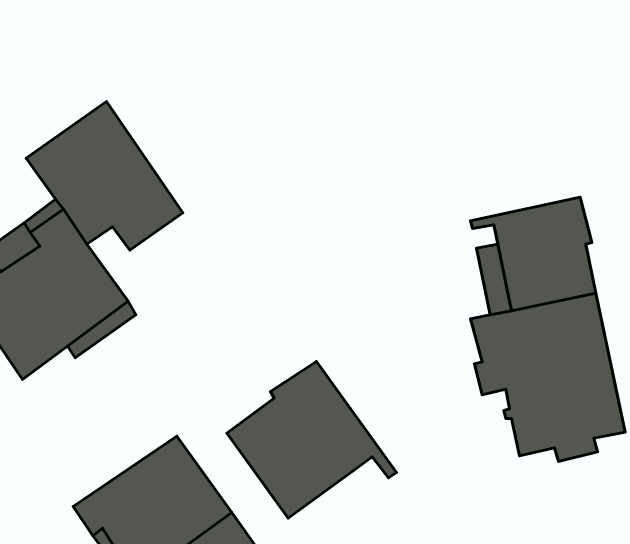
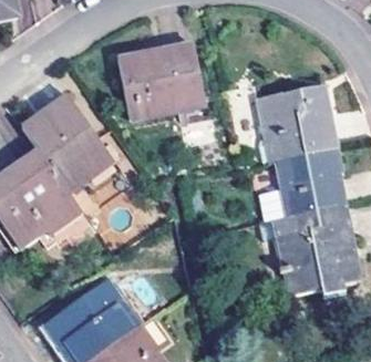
building: none -> [117,43,202,118]
building: none -> [254,84,334,163]
building: [227,361,396,518] -> none

